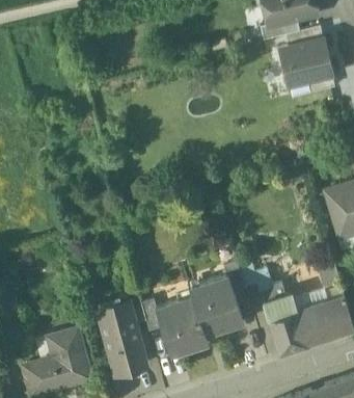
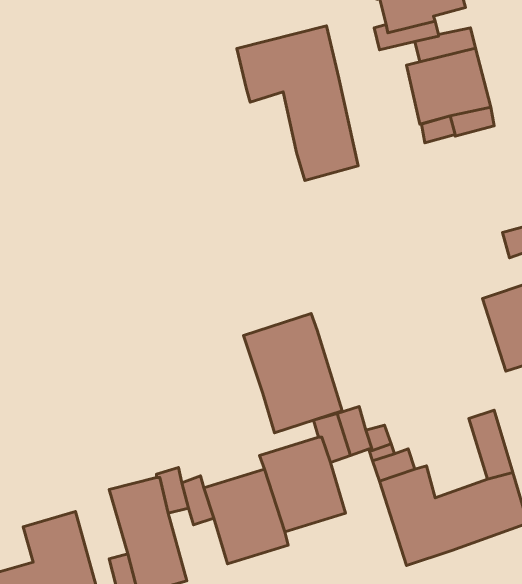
building: none -> [237,26,358,180]
building: none -> [244,313,342,433]

